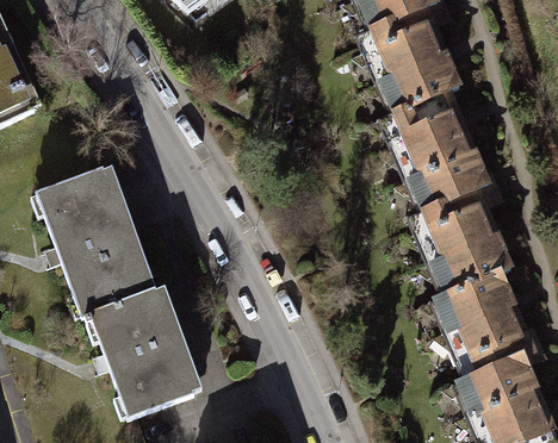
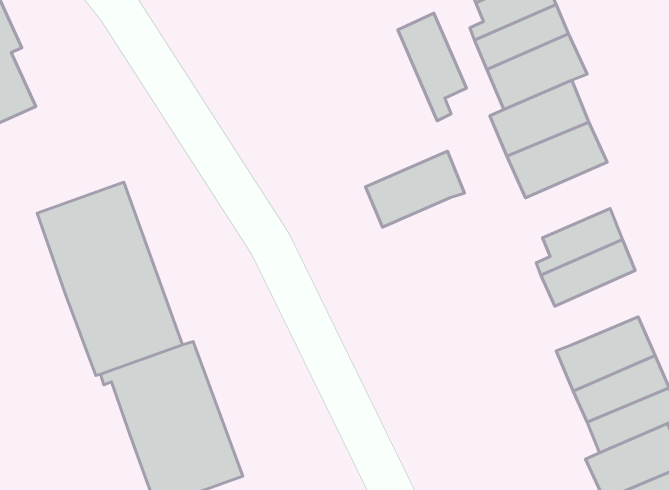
building: none -> [398,13,467,121]
building: [413,151,489,210] -> [366,151,464,227]
building: [435,235,512,292] -> none

